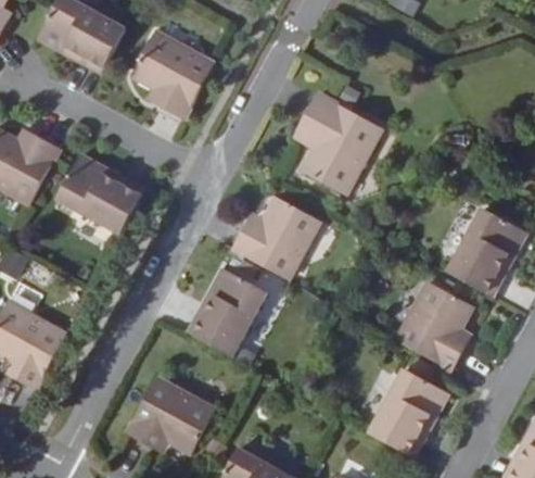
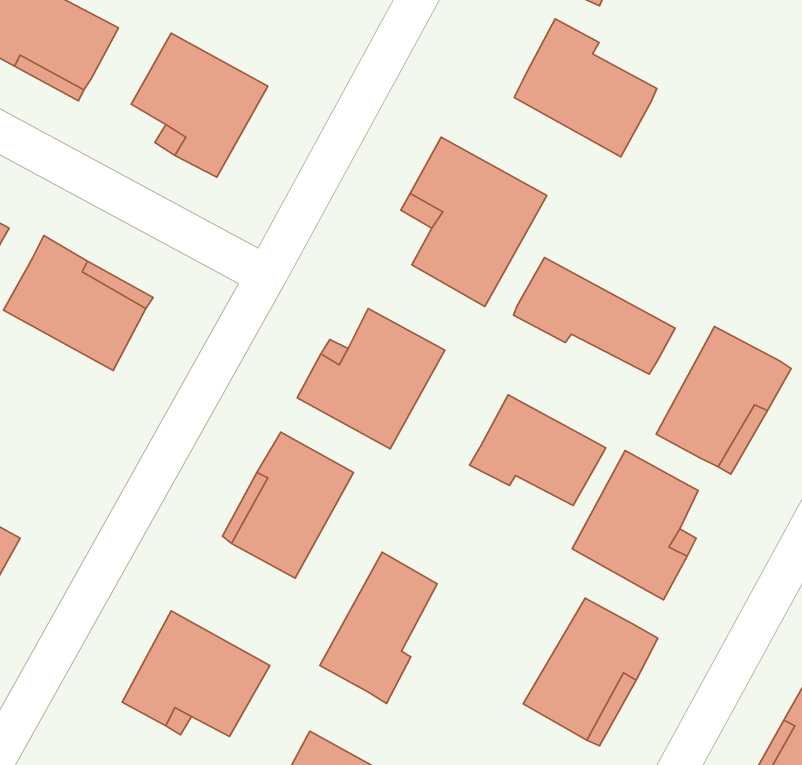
building: none -> [514,19,657,157]
building: none -> [514,257,675,374]
building: none -> [469,395,606,506]
building: none -> [320,552,437,703]

